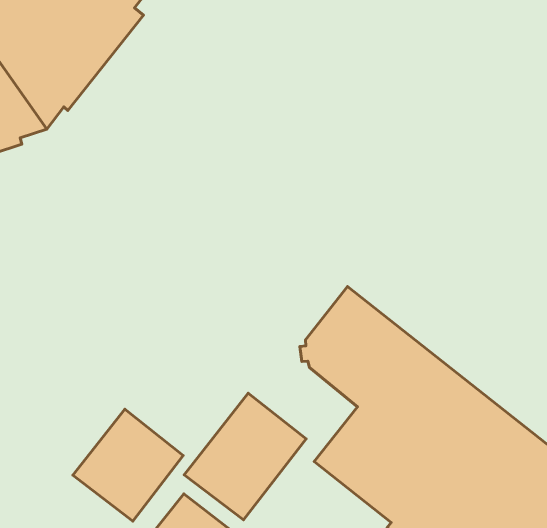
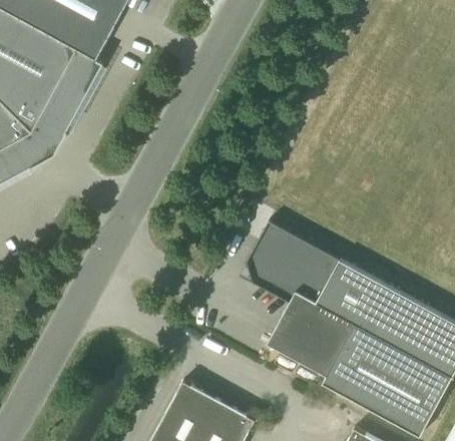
building: [184,393,306,520] -> none
building: [73,409,183,521] -> none

